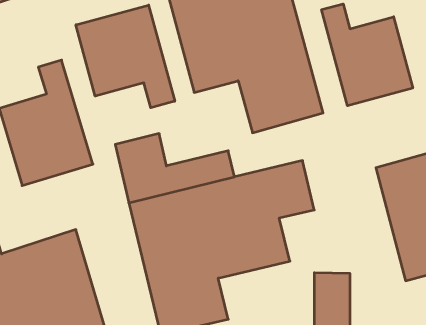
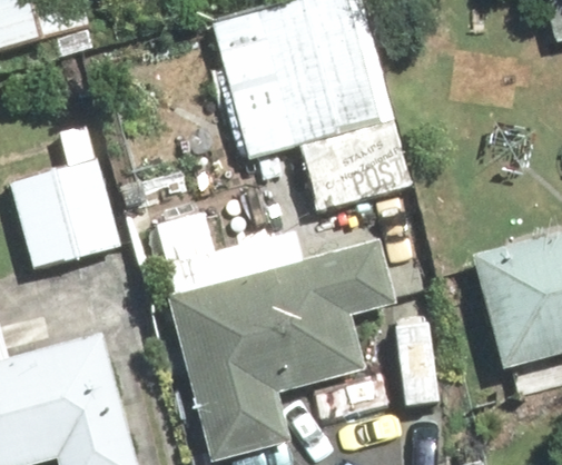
building: [322,4,413,106] -> none
building: [76,5,175,108] -> none

